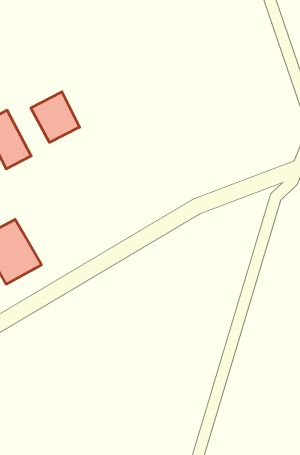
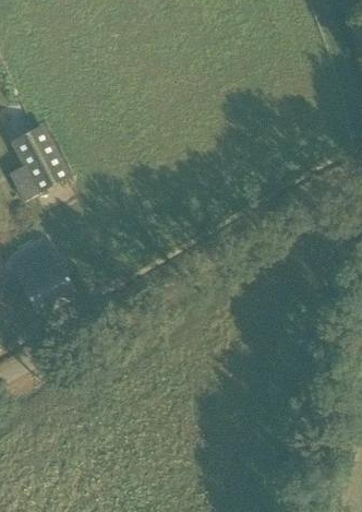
building: [31,92,80,142] -> none

